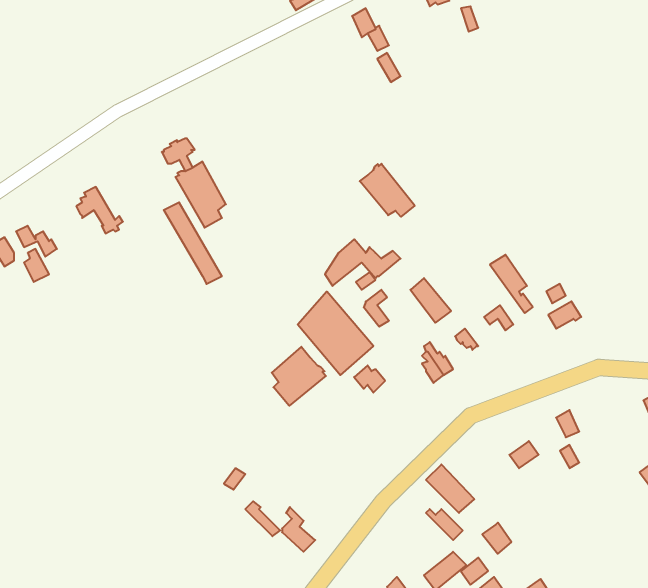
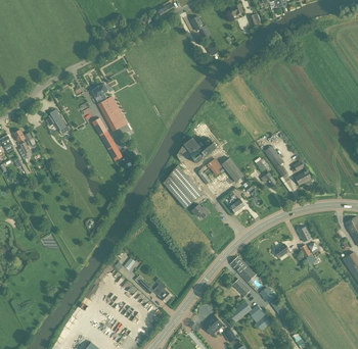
building: [360,164,415,217] -> none
building: [272,347,326,406] -> none

